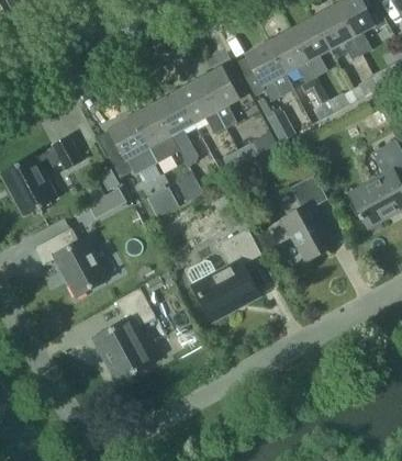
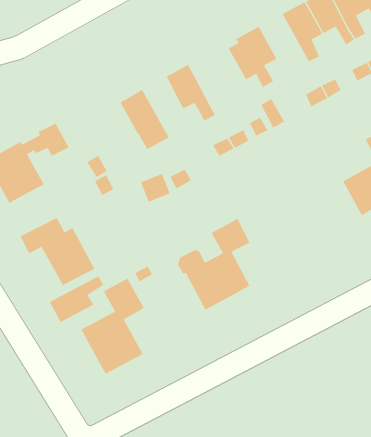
building: [267,30,315,82] -> none
building: [198,66,247,128] -> none
building: [153,91,197,166] -> none
building: [108,116,157,177] -> none
building: [266,175,334,260] -> none
building: none -> [49,275,104,323]

